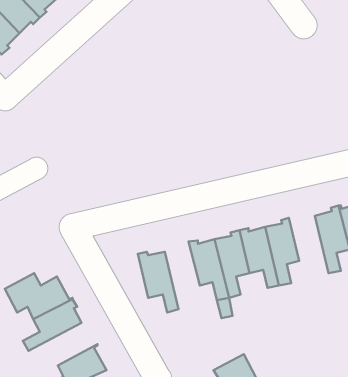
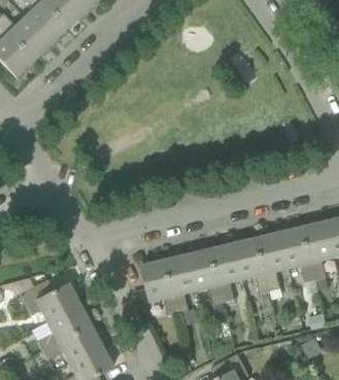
building: none -> [279,227,315,282]
building: none -> [166,250,198,312]
building: none -> [41,324,104,364]

